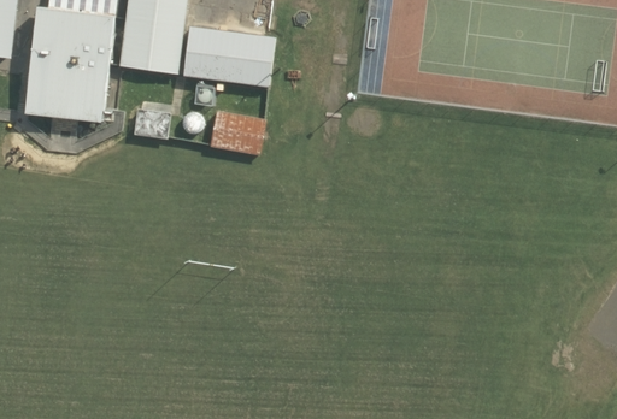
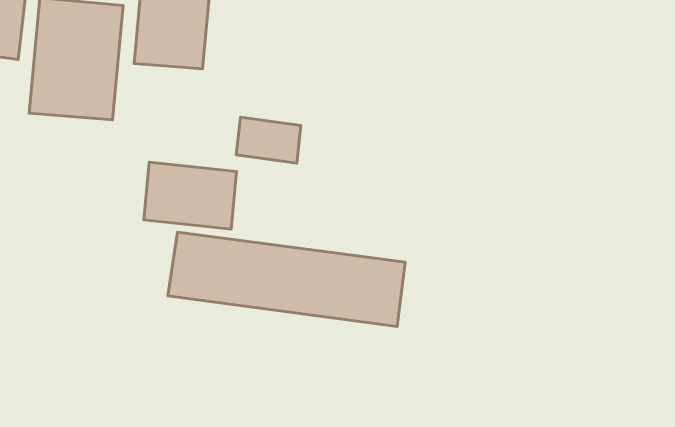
building: [193,25,276,85] -> [144,162,237,229]
building: none -> [168,232,405,326]

